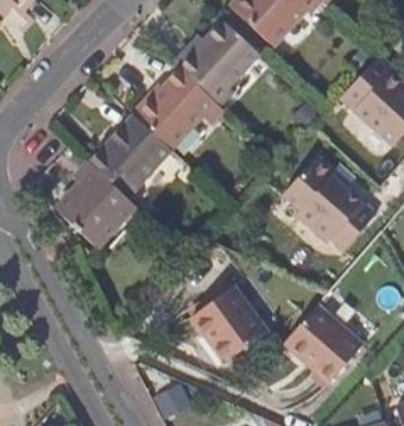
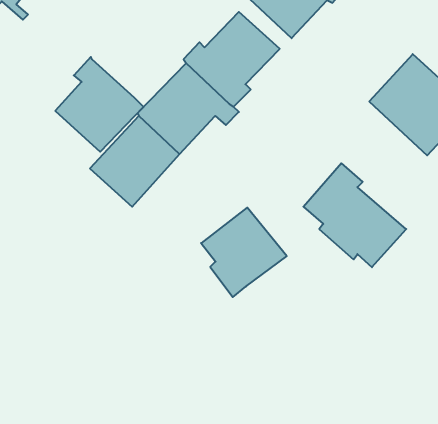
building: [56,158,135,244] -> [55,57,144,152]
building: [189,283,266,364] -> [201,208,287,297]
building: [282,303,360,381] -> none

